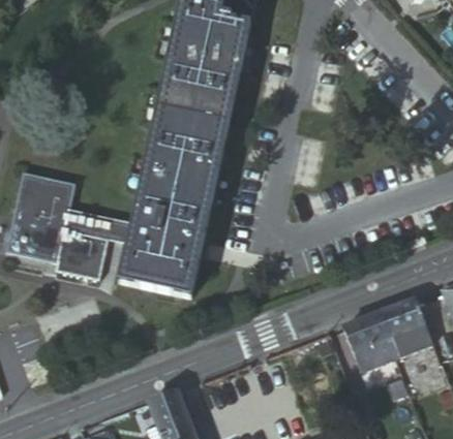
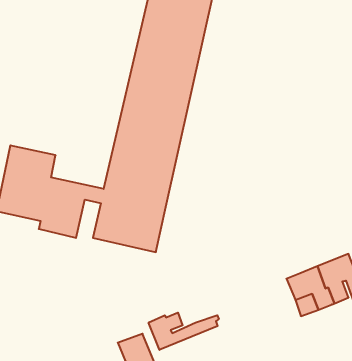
building: none -> [149,313,219,350]

